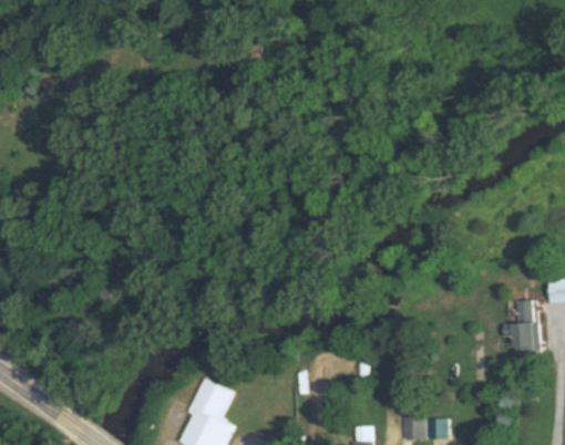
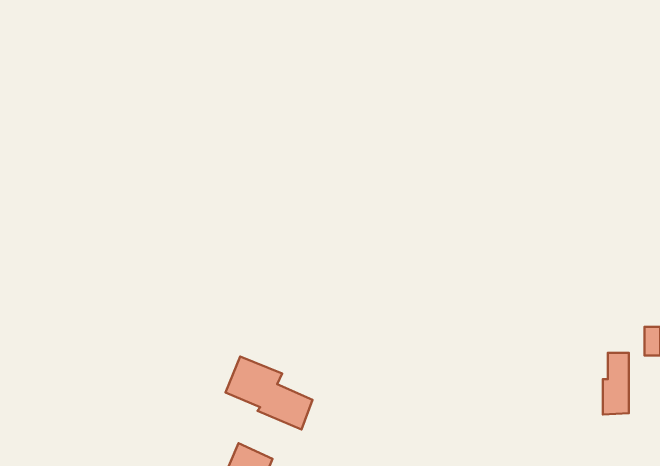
building: none -> [226,357,313,429]

